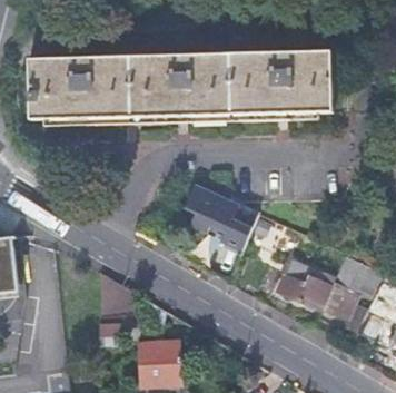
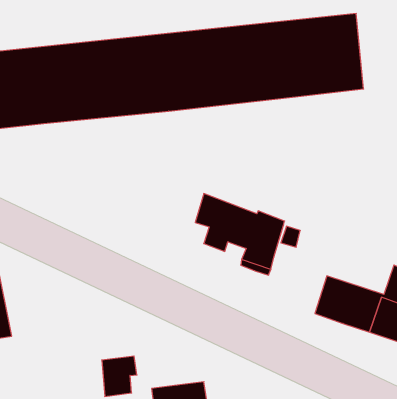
building: [97,269,135,316] -> none

